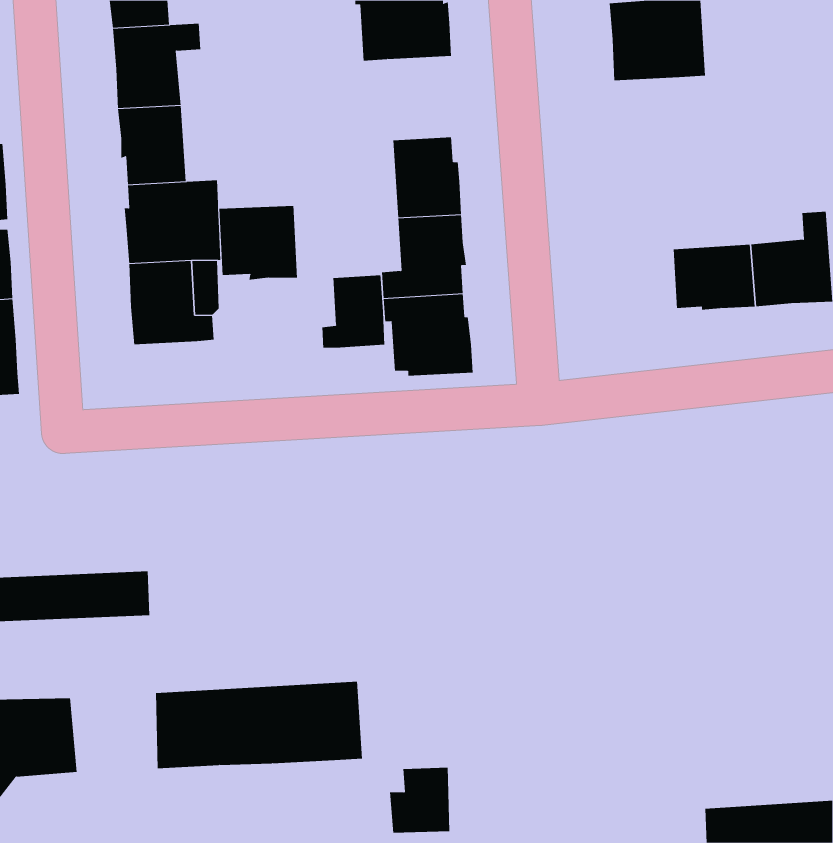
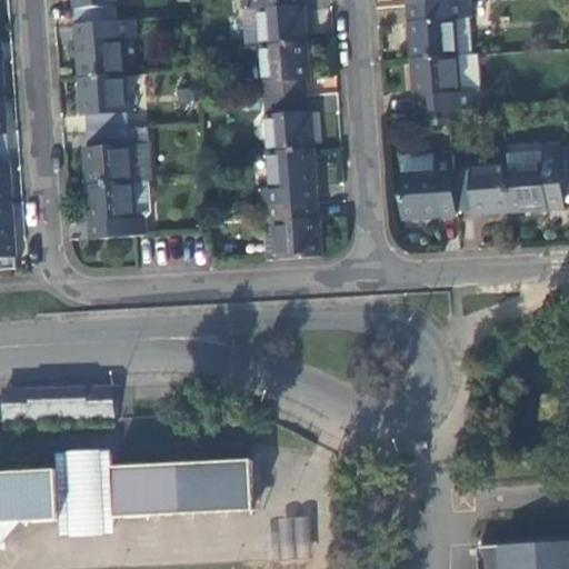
building: none -> [261,38,307,94]
building: none -> [413,52,479,108]
building: [219,205,298,280] -> none
building: none -> [400,151,456,213]
building: [322,274,385,348] -> none
building: none -> [47,449,107,538]

